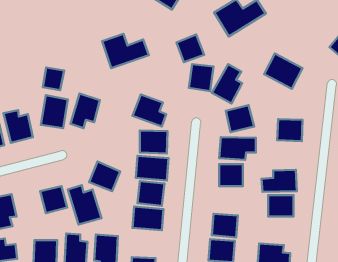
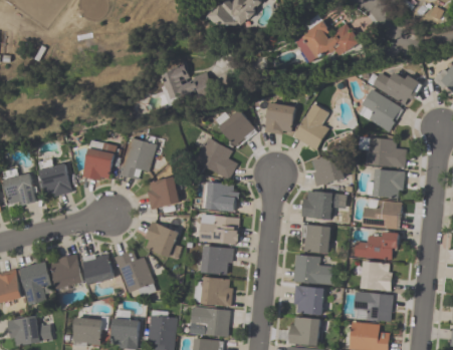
building: [176,34,204,62] -> [220,110,254,144]
building: none -> [372,69,422,106]
building: [43,68,64,90] -> none
building: none -> [359,136,406,167]
building: none -> [145,178,180,211]
building: none -> [362,199,401,230]
building: none -> [50,254,84,290]
building: none -> [293,256,331,284]
building: none -> [353,292,393,322]
building: none -> [189,306,230,337]

